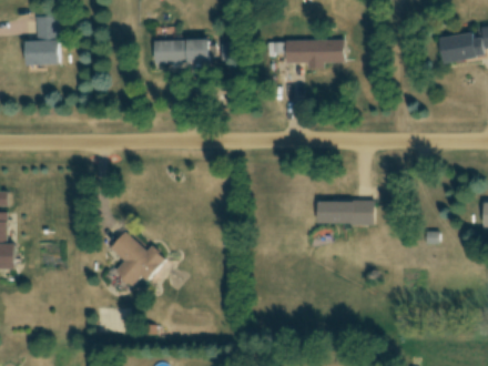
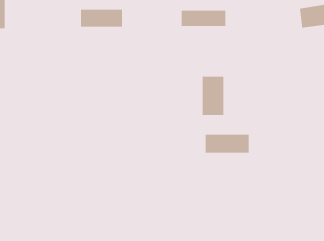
building: none -> [202,76,224,116]
building: [110,232,166,287] -> none

